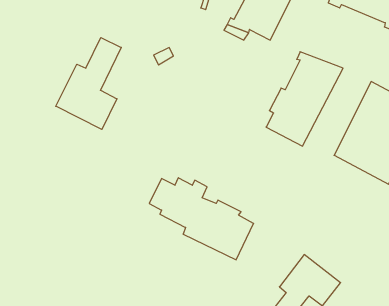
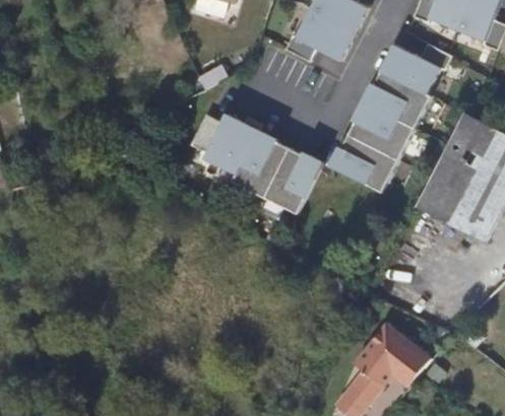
building: none -> [378,44,450,96]
building: [56,38,121,129] -> none
building: [149,178,254,260] -> [191,113,319,213]

